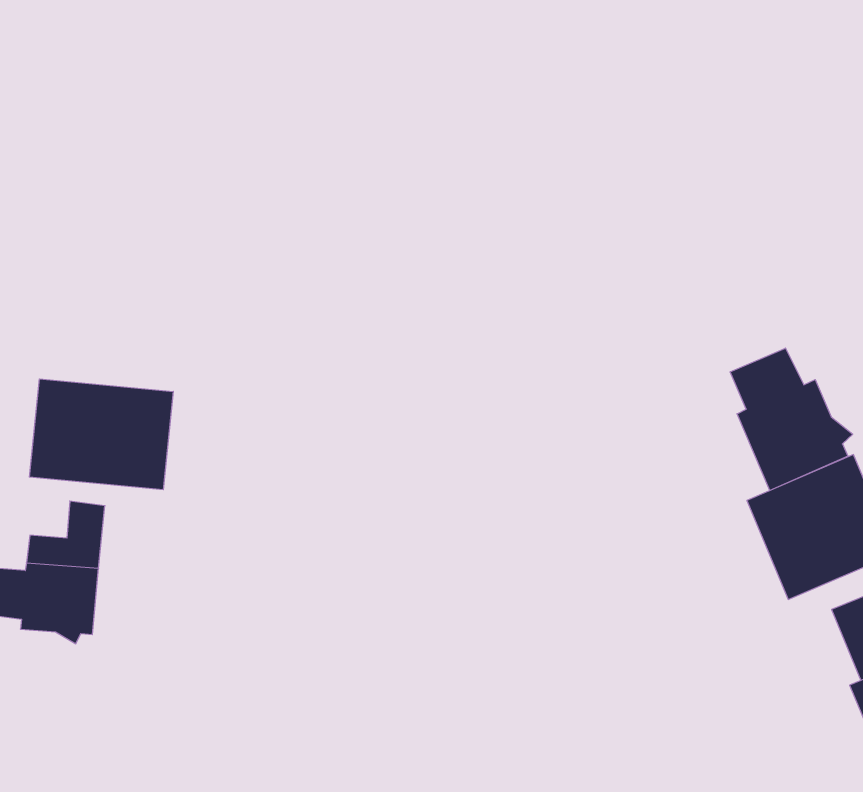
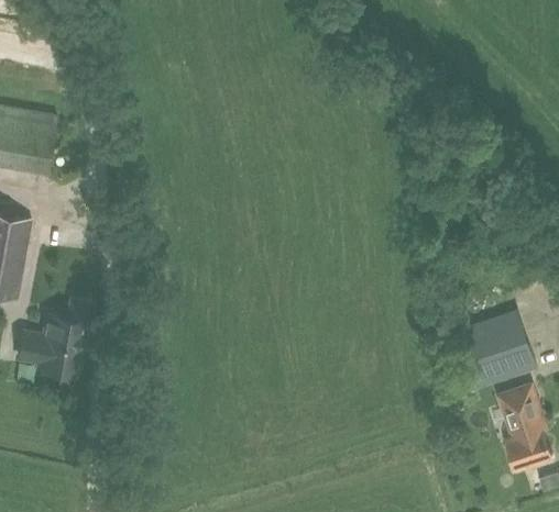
building: [730,348,853,491] -> none
building: [29,379,173,490] -> none

